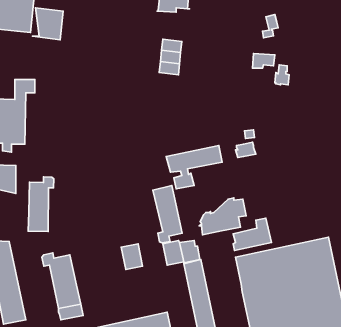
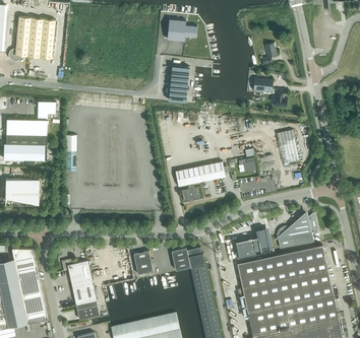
building: [33,8,63,40] -> none
building: none -> [277,130,299,163]
building: [28,177,54,231] -> none
building: [153,185,182,243] -> none
building: [199,198,246,235] -> [277,214,319,248]

